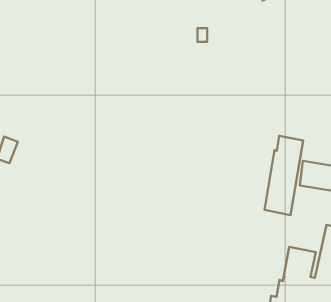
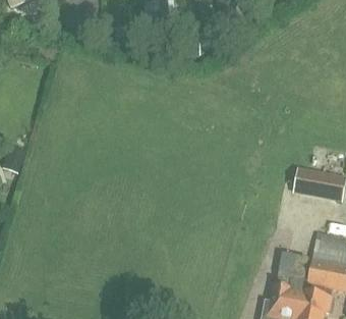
building: [265,136,303,215] -> none

